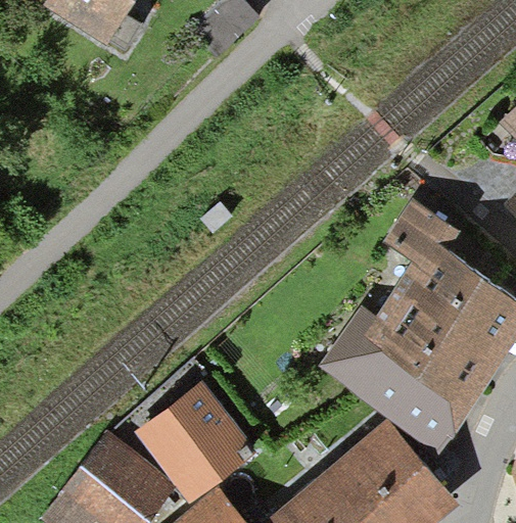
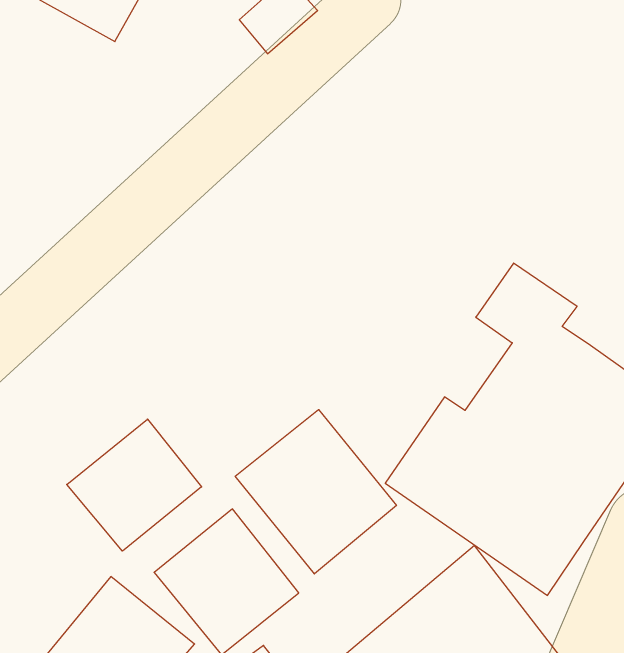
building: none -> [235,410,396,574]
building: none -> [67,419,202,551]

